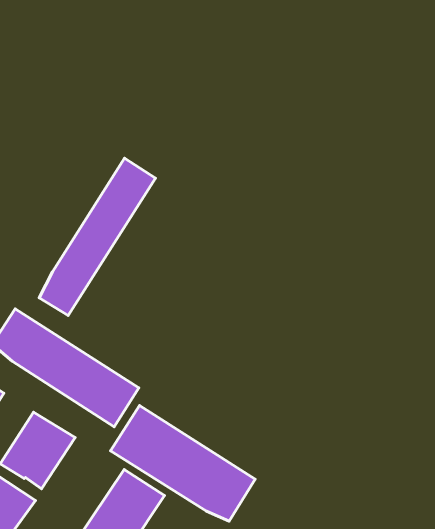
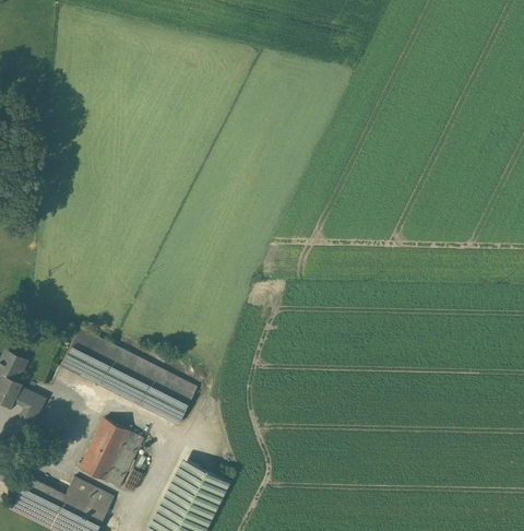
building: [39,158,156,315] -> none
building: [111,405,255,521] -> none

